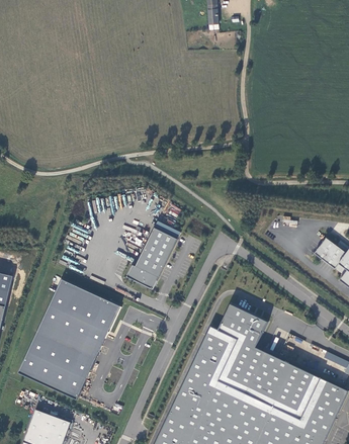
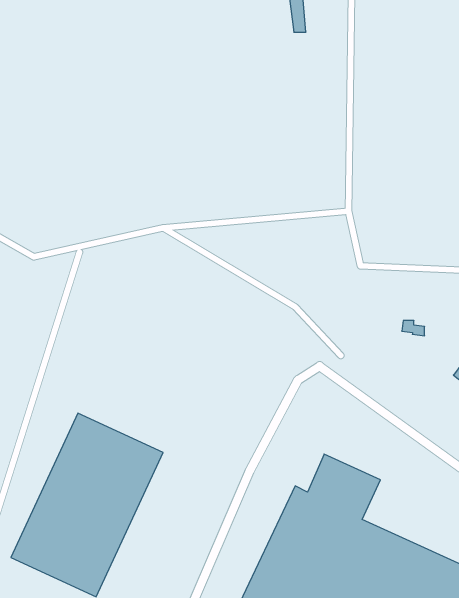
building: [126,220,180,288] -> none

